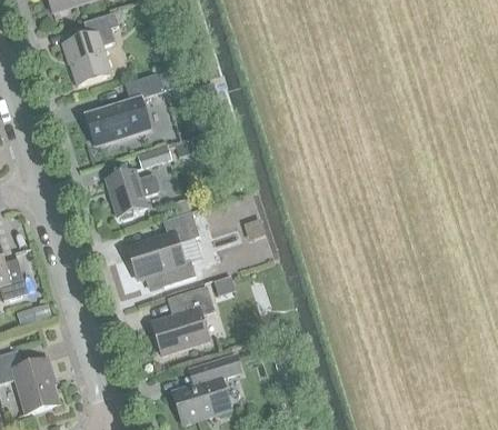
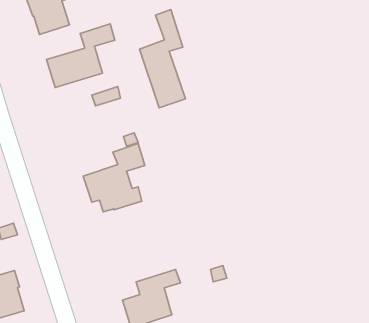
building: none -> [139,10,185,108]
building: [104,169,158,219] -> none
building: [150,286,215,356] -> none

